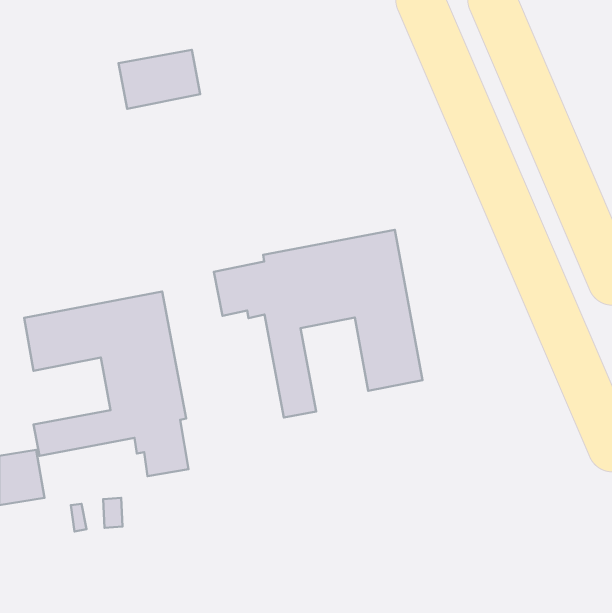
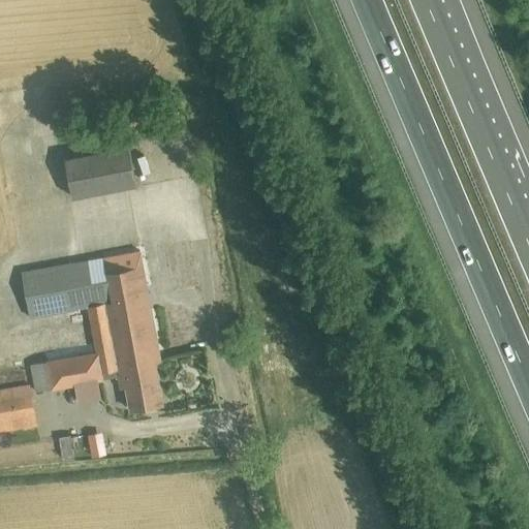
building: [119,50,200,109] -> [65,146,135,196]
building: [214,230,423,418] -> none

